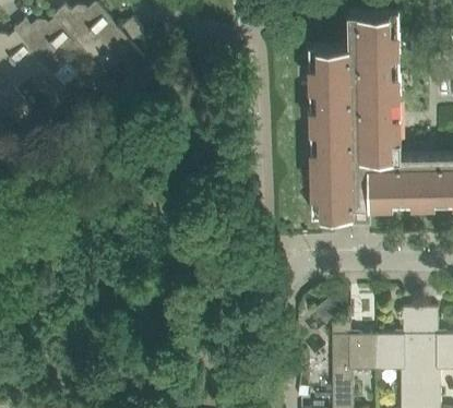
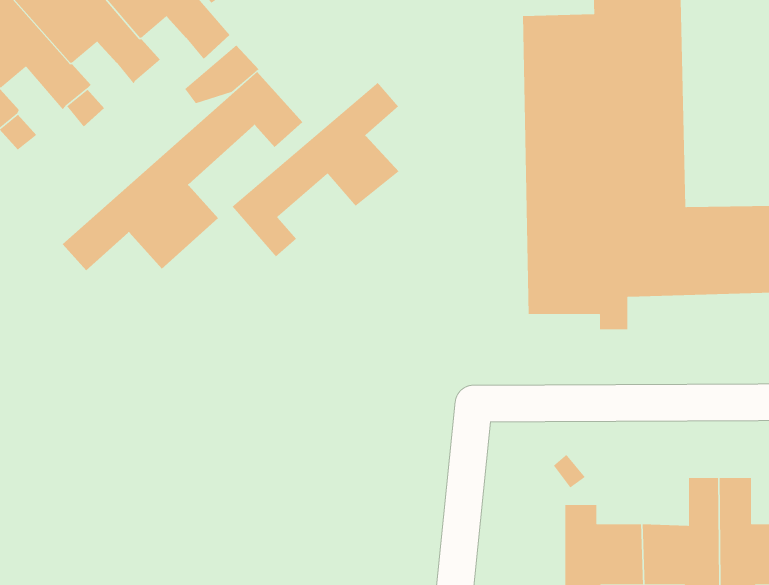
building: none -> [62,71,303,271]
building: none -> [232,82,399,257]

